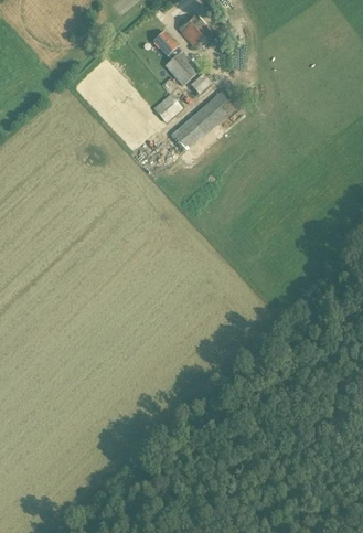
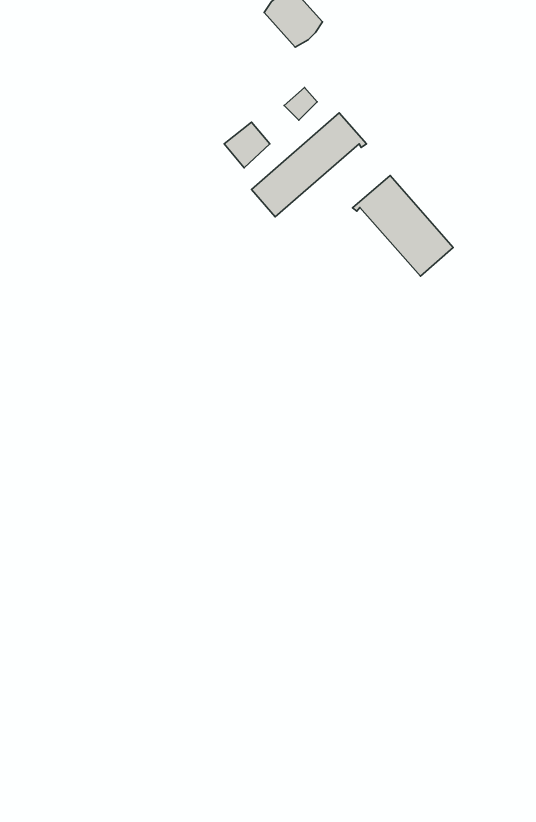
building: [153,31,199,86] -> none
building: none -> [353,175,453,276]

